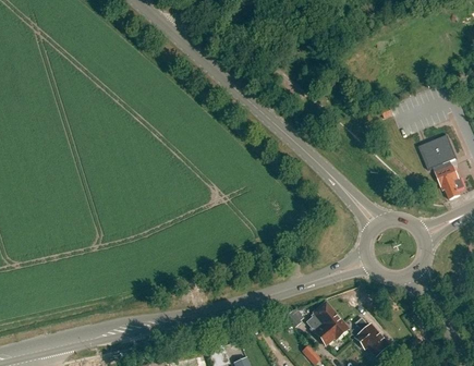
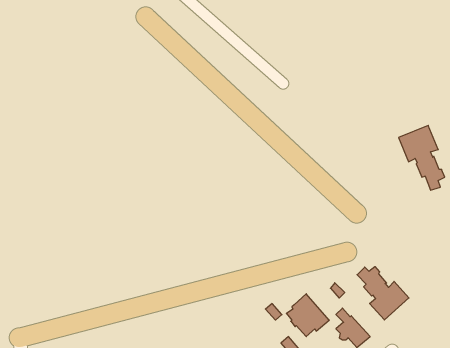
building: none -> [357,267,409,320]

